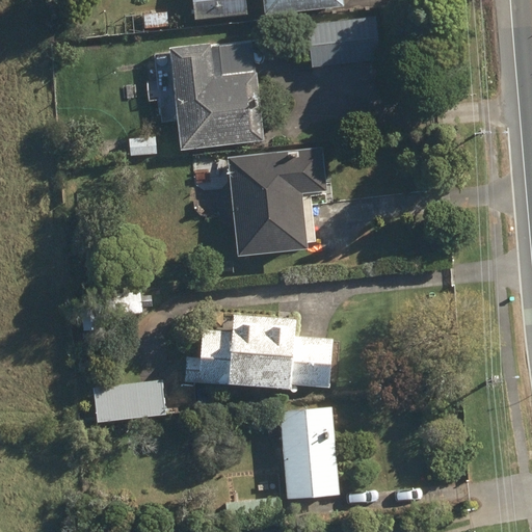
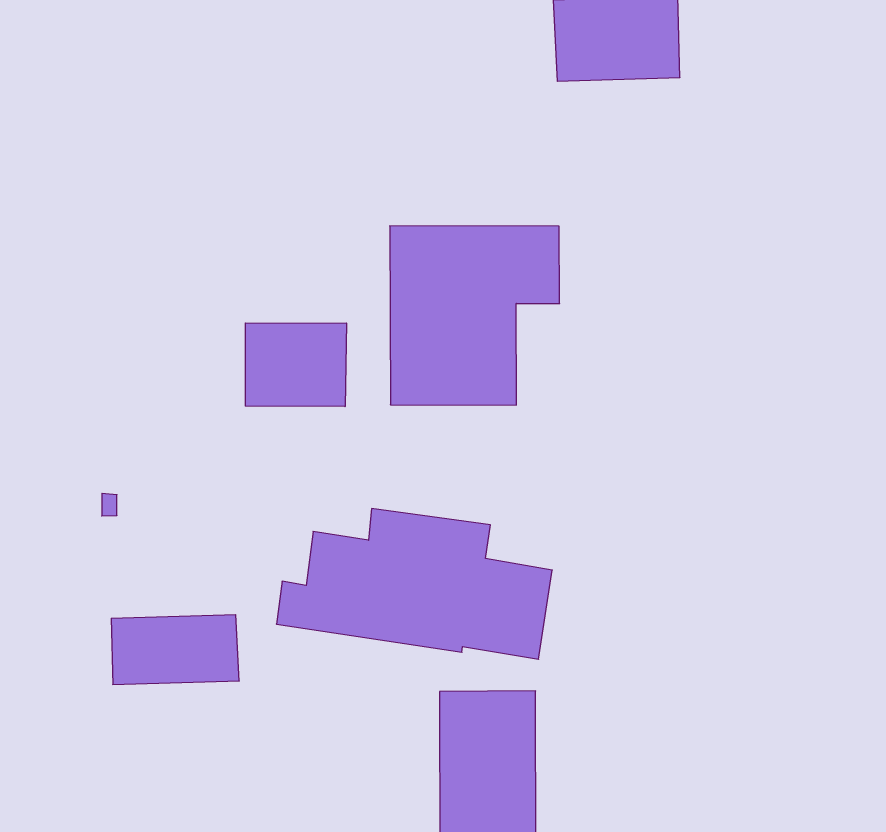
building: [168,43,261,150] -> none
building: none -> [245,323,346,407]

